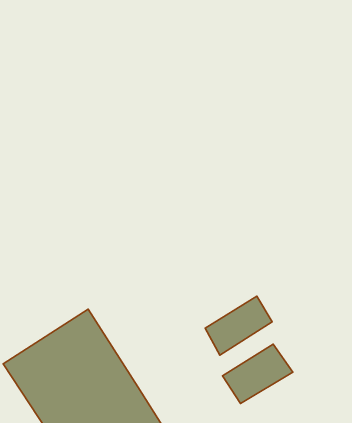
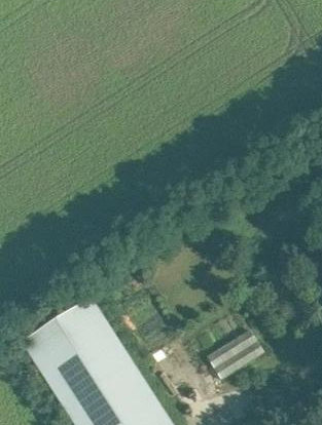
building: [205,296,272,355] -> none

